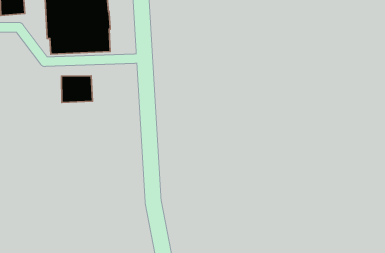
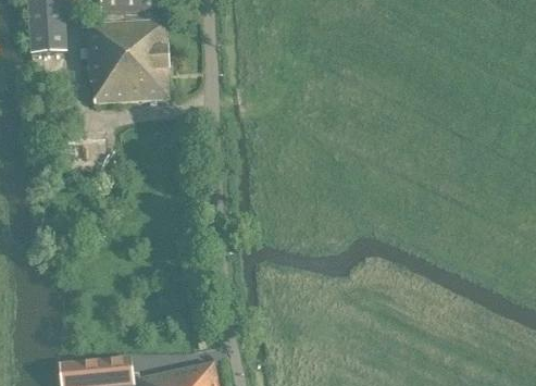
building: [61,76,93,103] -> none

